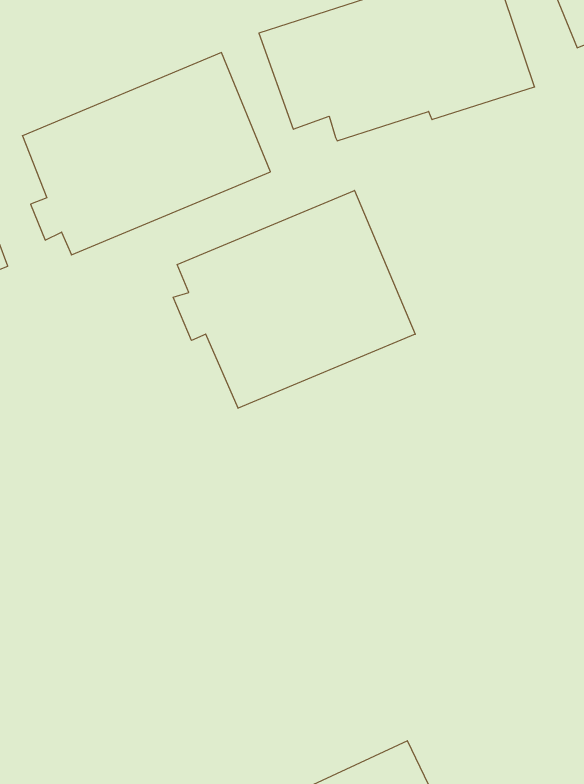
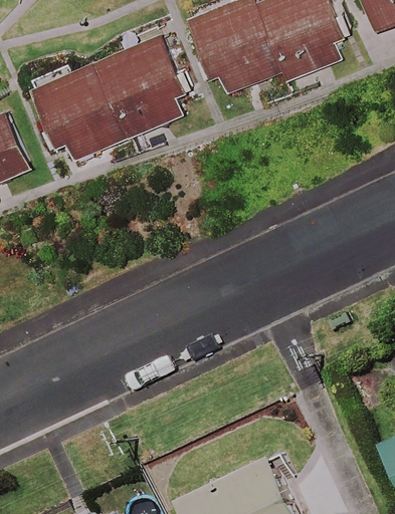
building: [173,190,415,408] -> none

